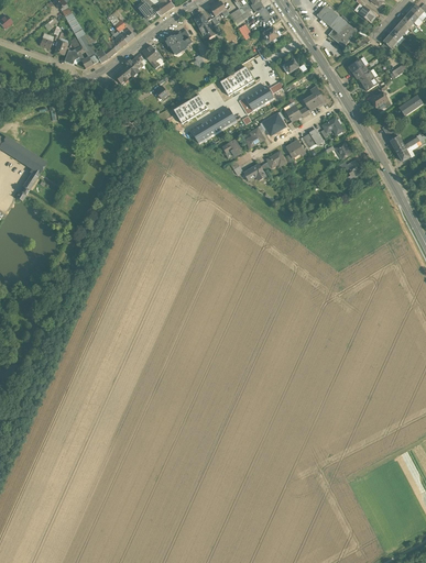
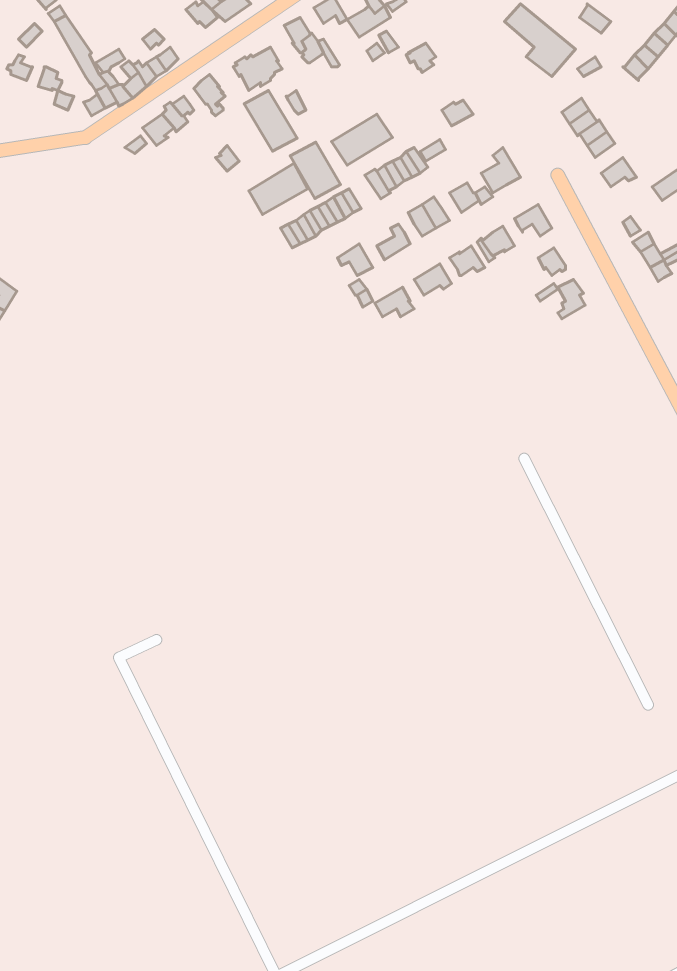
building: none -> [244,91,297,151]
building: none -> [290,142,341,198]

